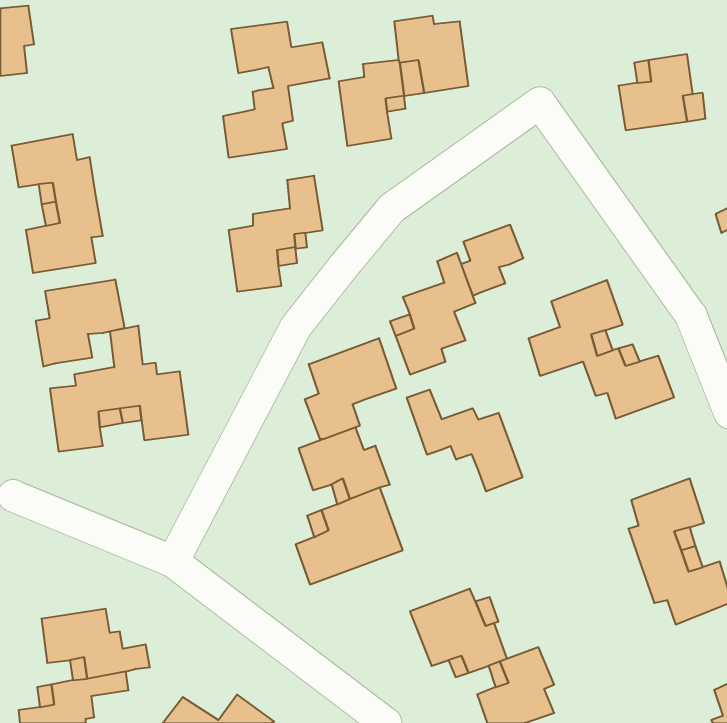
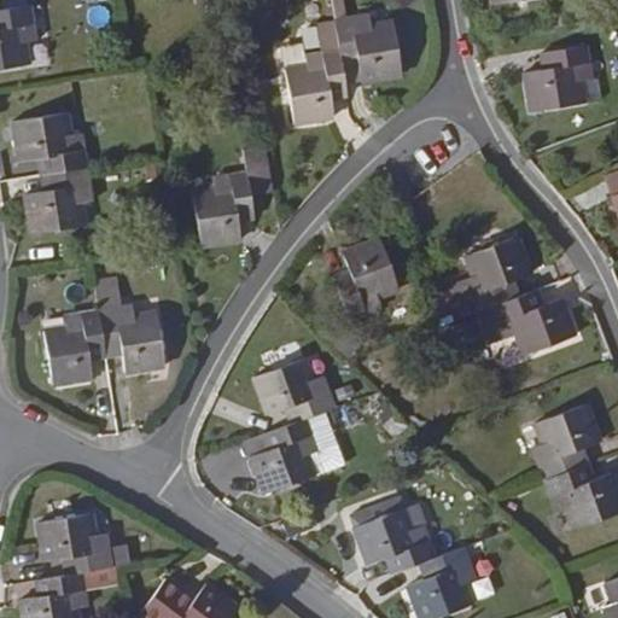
building: [223,22,330,158] -> none
building: [461,225,523,296] -> none
building: [36,279,125,367] -> none
building: [305,338,396,439] -> none
building: [407,390,522,491] -> none

